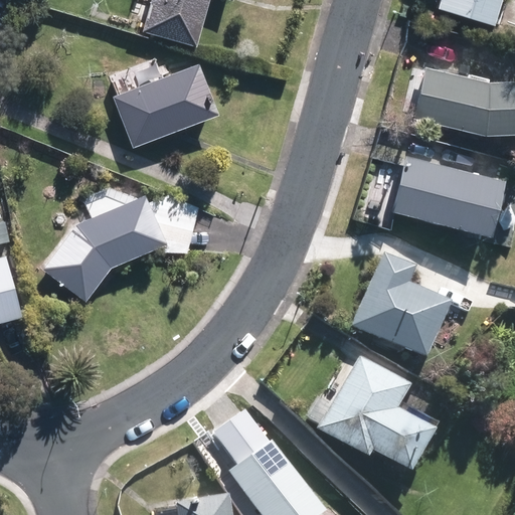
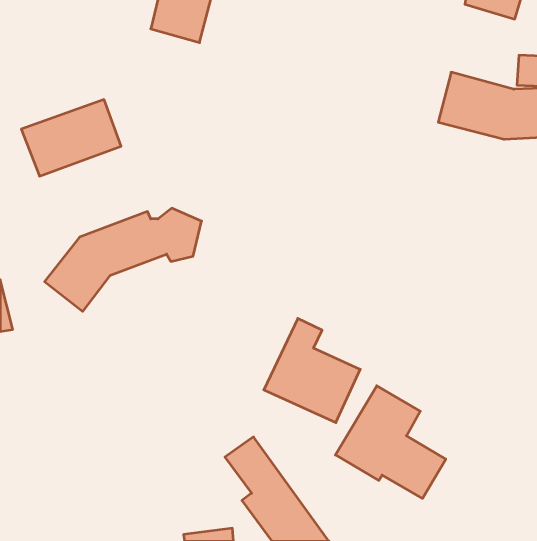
building: [118,68,212,141] -> [21,100,121,176]
building: [398,160,498,229] -> none
building: [356,260,448,358] -> [264,318,360,423]

